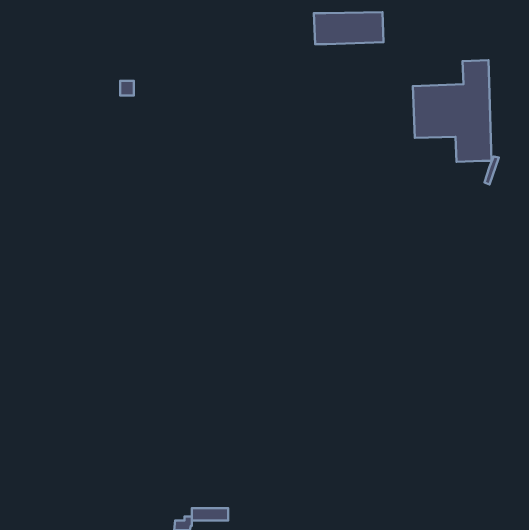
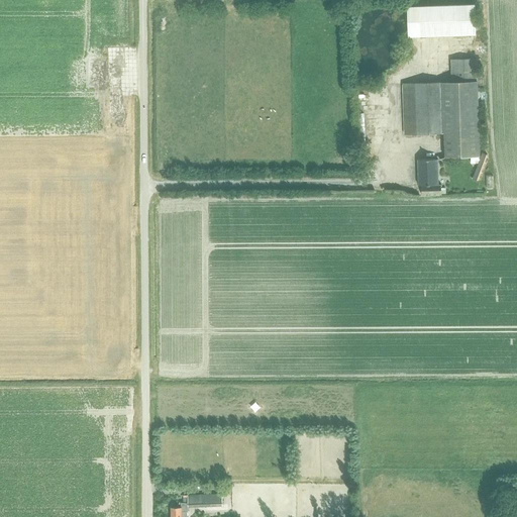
building: [314,12,383,44] -> [407,5,475,36]
building: none -> [417,159,440,195]

